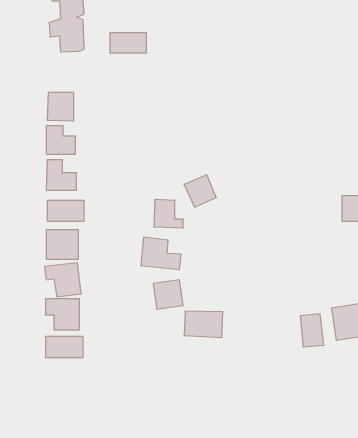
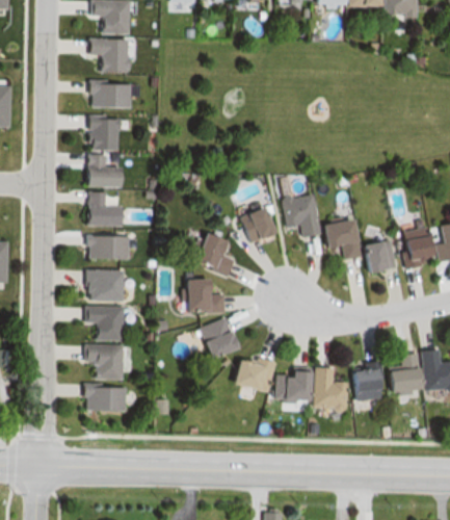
building: [110,33,147,53] -> [90,84,131,106]
building: none -> [282,196,393,269]
building: none -> [283,367,354,408]

